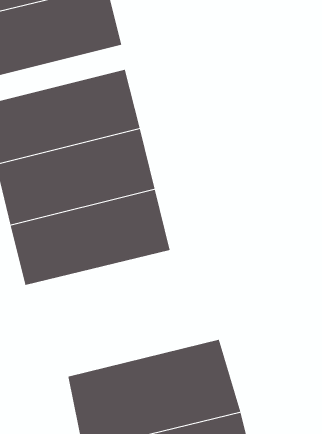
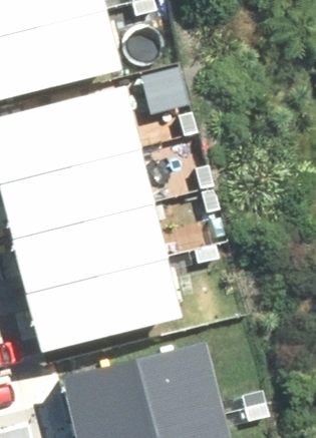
building: none -> [26,260,177,350]

